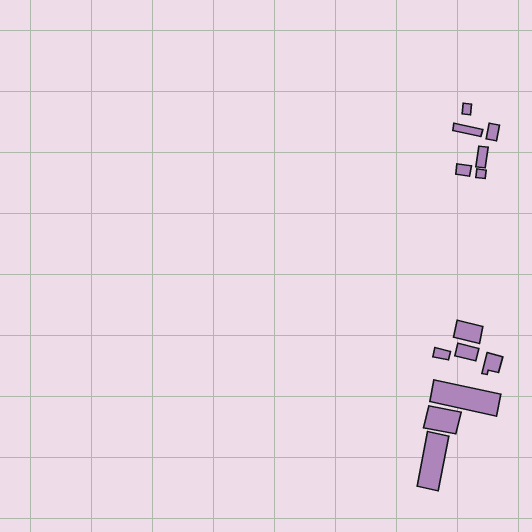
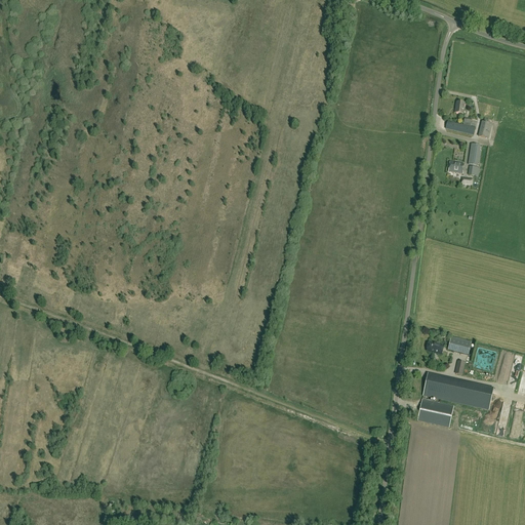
building: [454,320,483,344] -> none
building: [417,432,449,491] -> none

